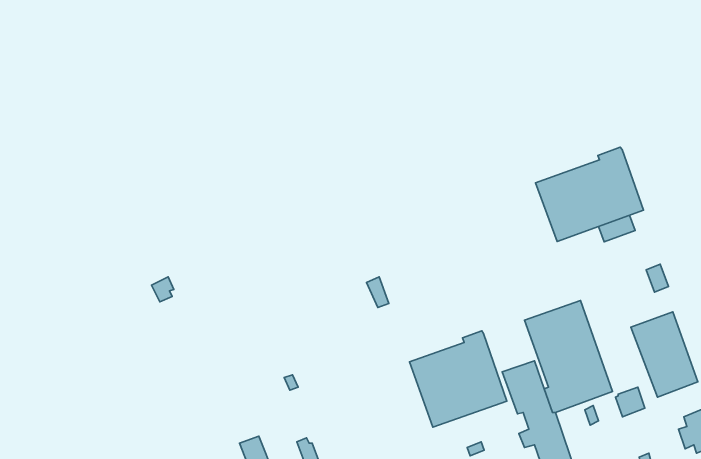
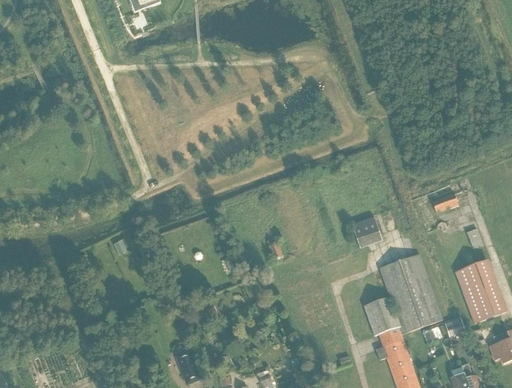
building: [536,147,643,242] -> none
building: none -> [351,216,382,247]
building: [409,331,507,427] -> none

